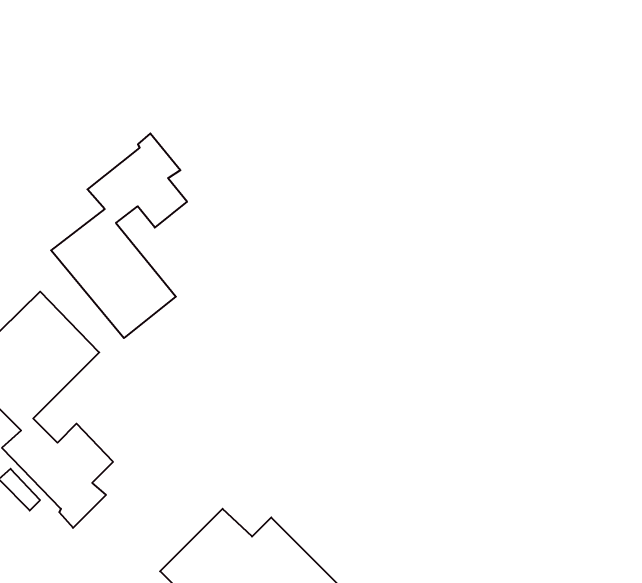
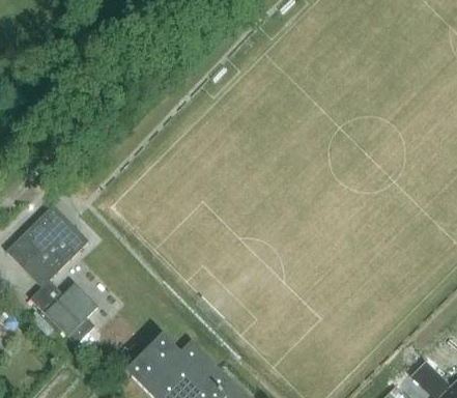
building: [51,133,187,338] -> none

